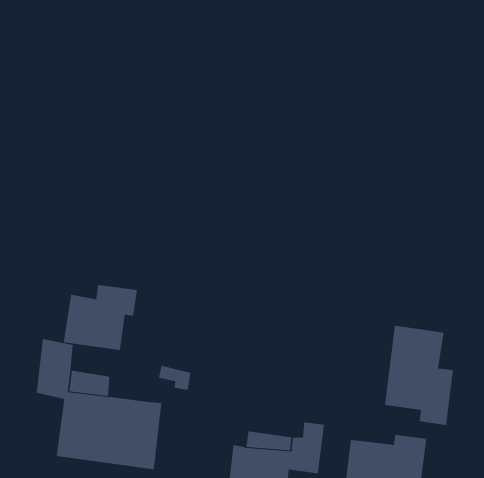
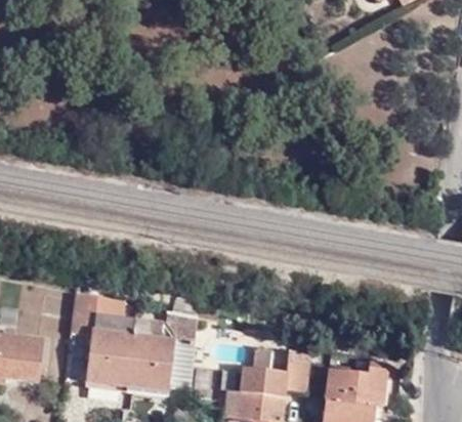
building: [63,284,137,351] -> none
building: [384,325,453,426] -> none

